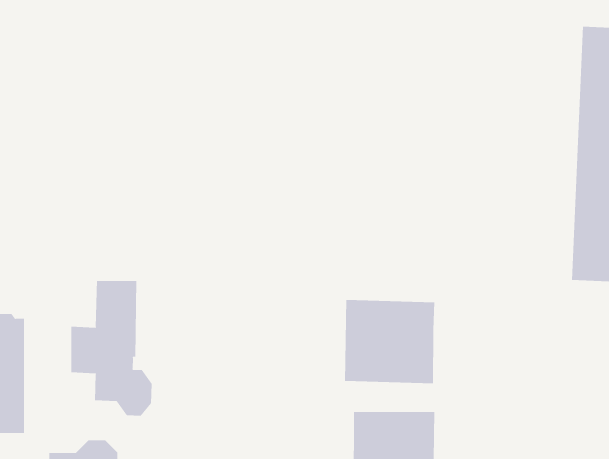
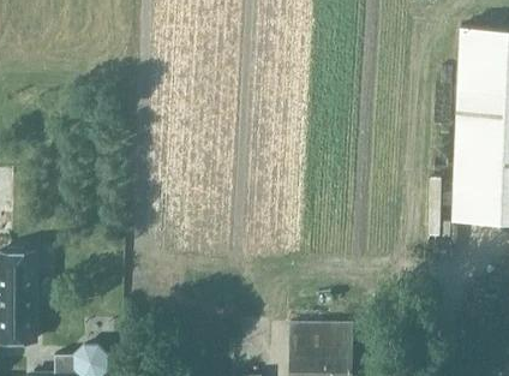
building: [71,280,152,416] -> none
building: [344,299,435,384] -> none

